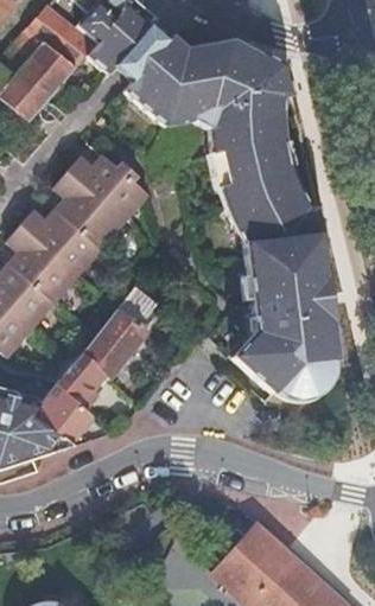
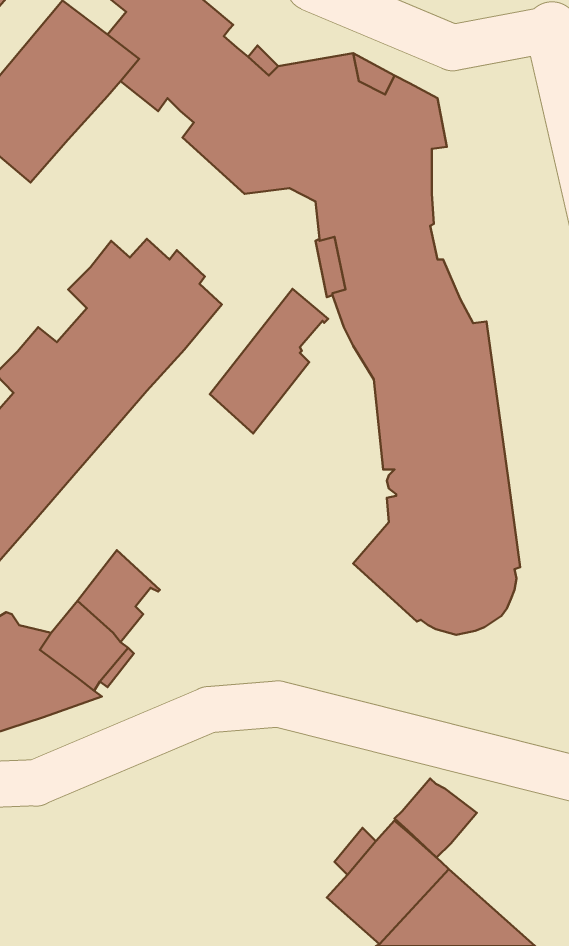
building: [84,283,159,375] -> [210,289,328,433]
building: none -> [394,779,477,858]

